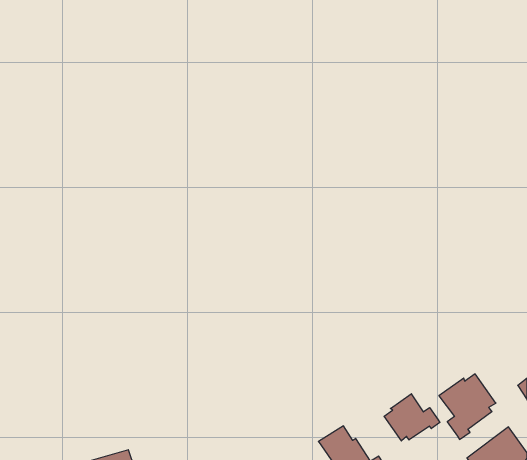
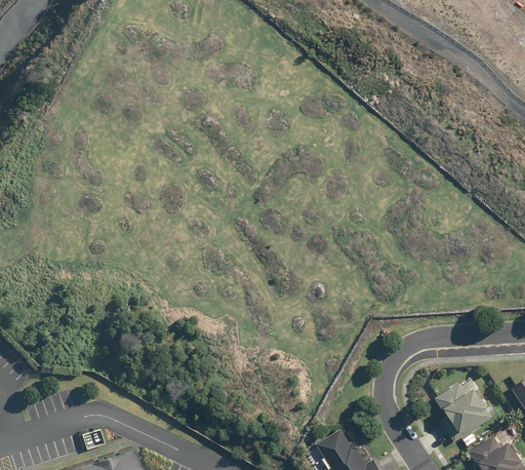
building: [384,394,440,441] -> none

